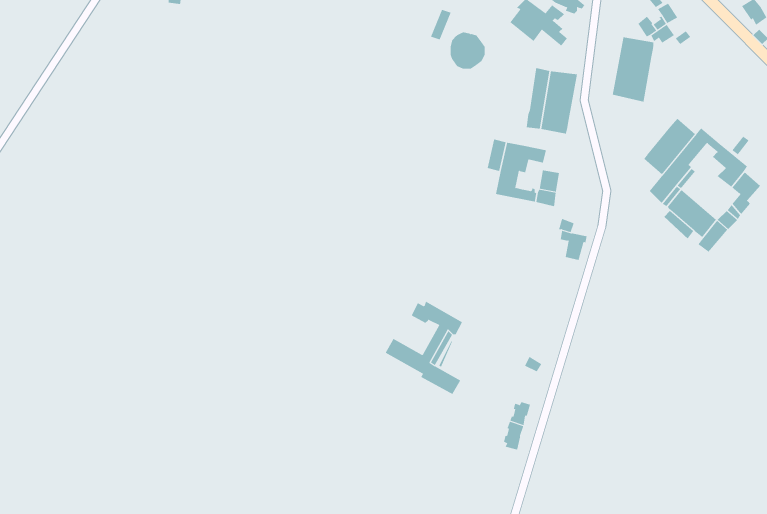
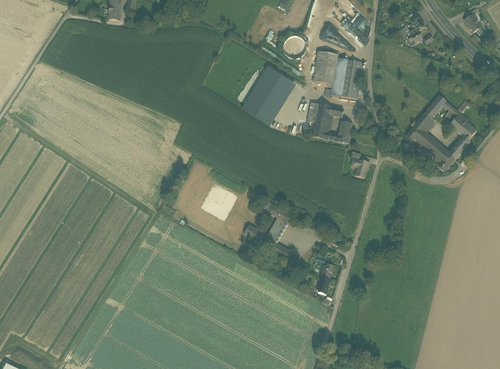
building: [612,37,654,103] -> none
building: none -> [312,50,337,83]
building: none -> [240,66,295,126]
building: [644,118,696,175] -> none

